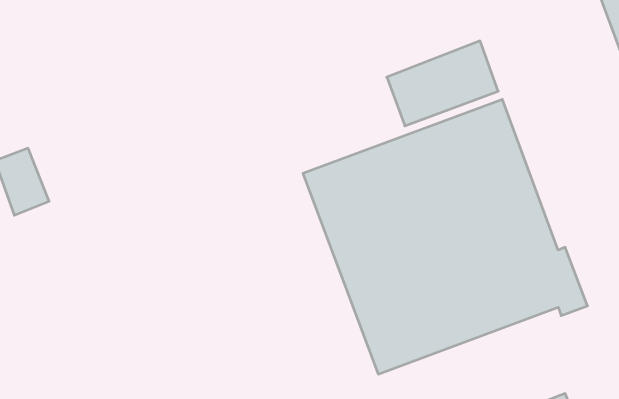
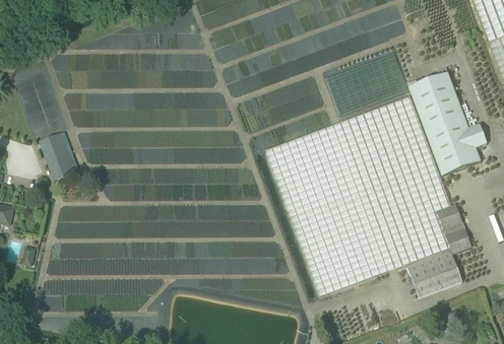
building: none -> [406,72,487,176]
building: none -> [406,250,461,297]

